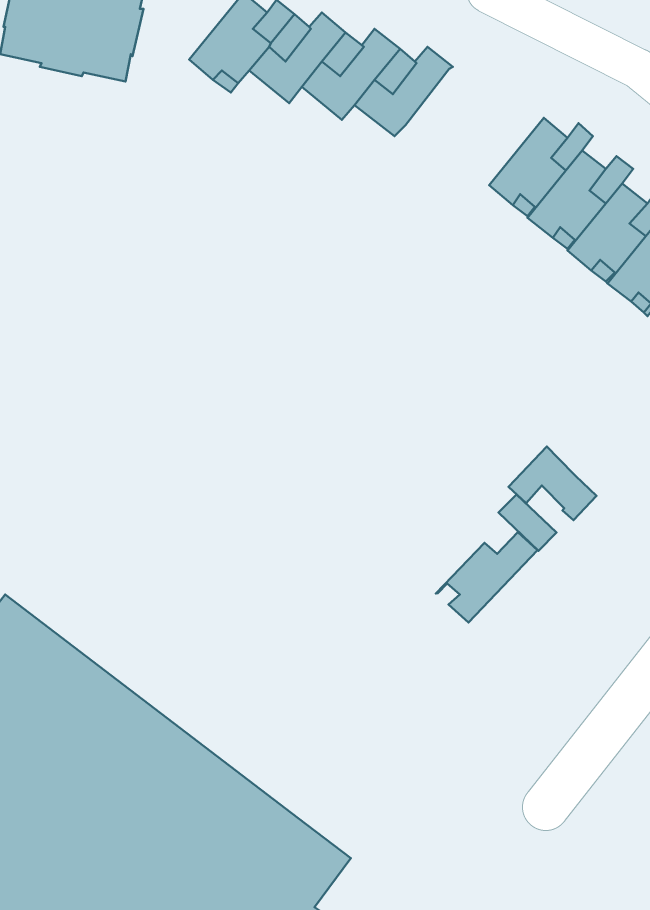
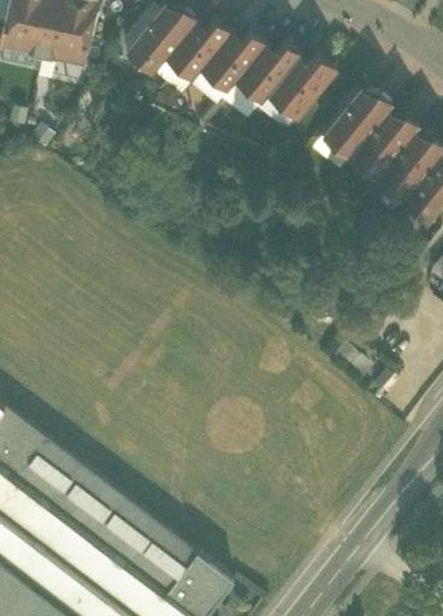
building: none -> [270,55,335,116]
building: [508,447,596,520] -> none
building: [436,532,538,622] -> none

